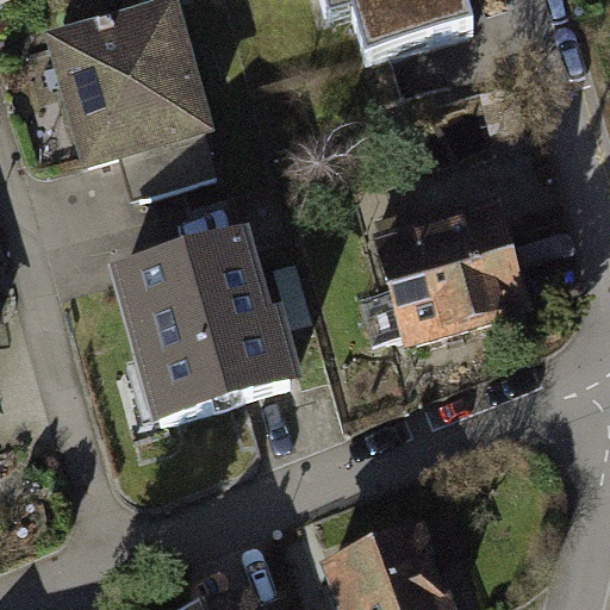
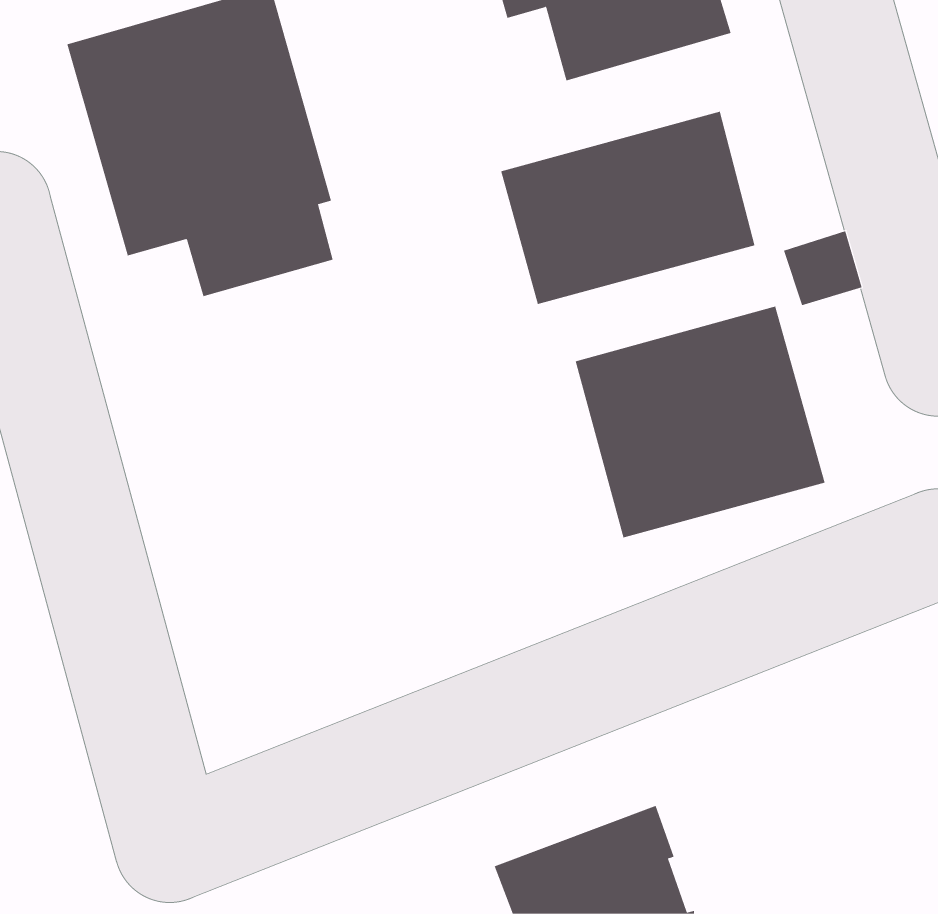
building: none -> [500,111,755,305]
building: [111,234,299,424] -> none

